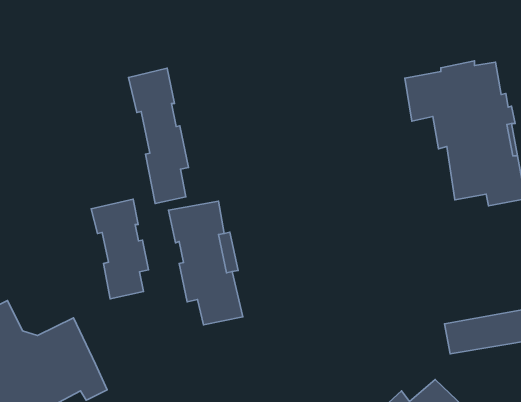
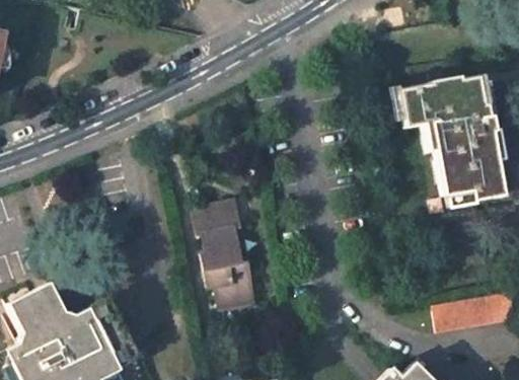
building: [129,68,189,204] -> none
building: [91,199,149,299] -> none

